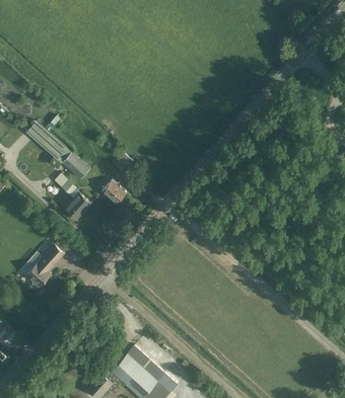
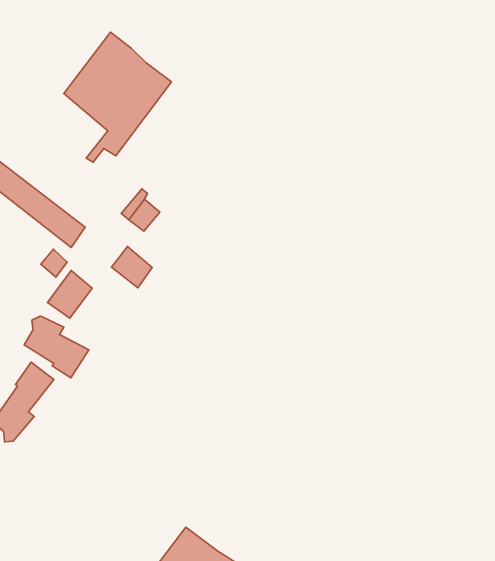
building: none -> [64,32,172,162]
building: none -> [24,316,89,378]

